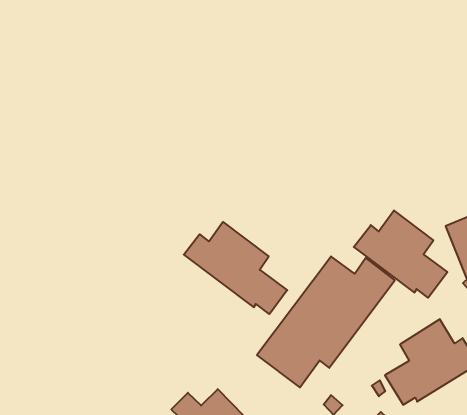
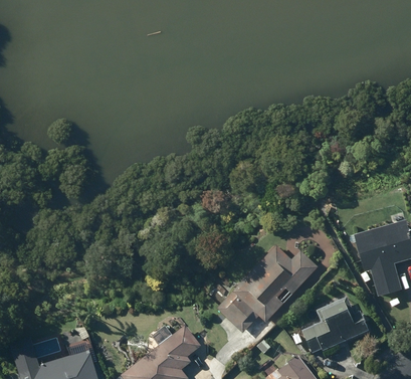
building: [354,210,447,298] -> none
building: [184,222,287,314] -> none

